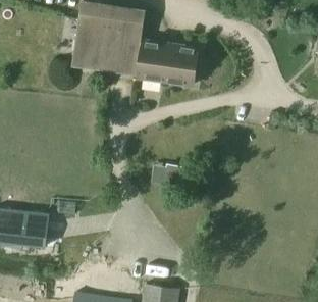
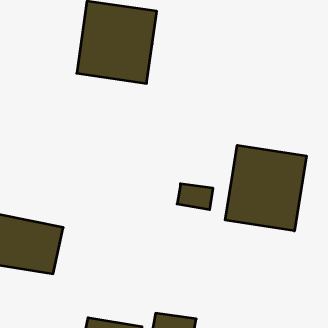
building: [132,41,199,87] -> none
building: none -> [225,145,306,231]

